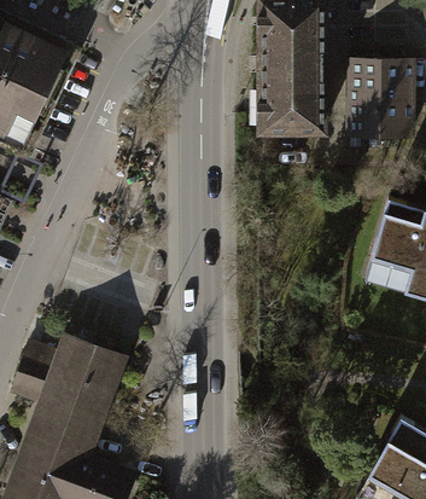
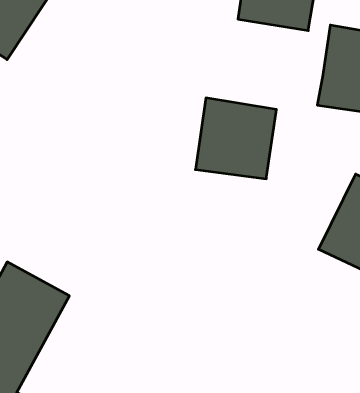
building: [252,64,322,135] -> [195,98,276,179]

